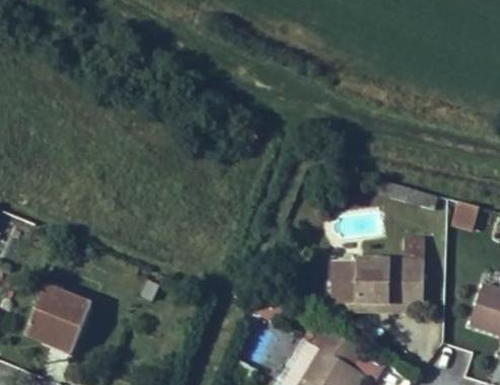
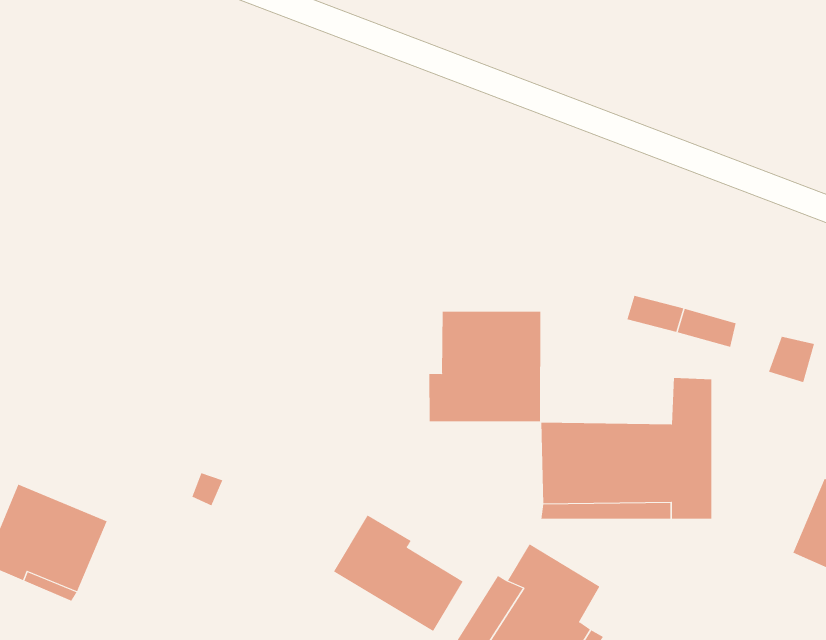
building: none -> [429,311,541,422]
building: none -> [333,514,463,632]

